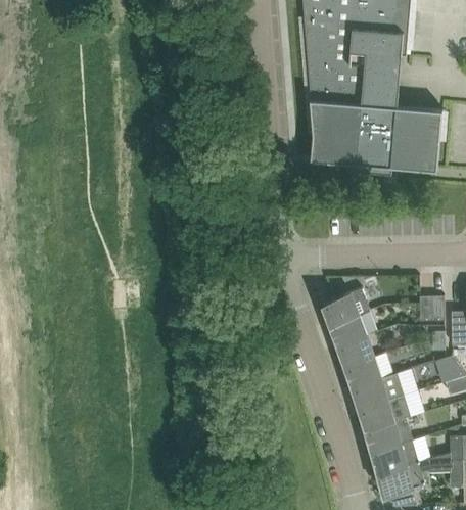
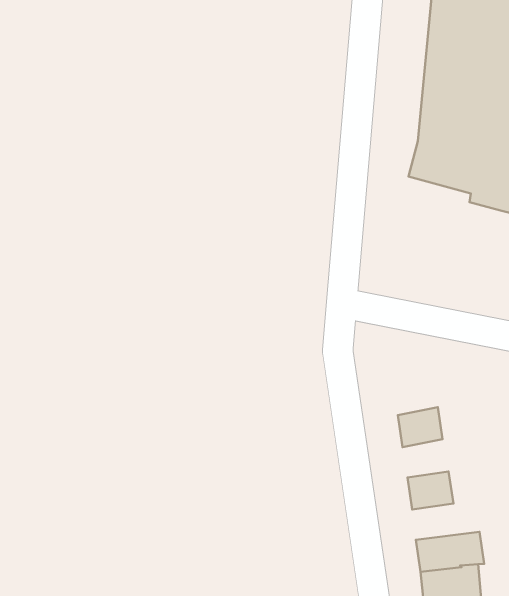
building: [324,288,365,324] -> none
building: [339,335,374,366] -> none
building: [354,373,403,408] -> none

